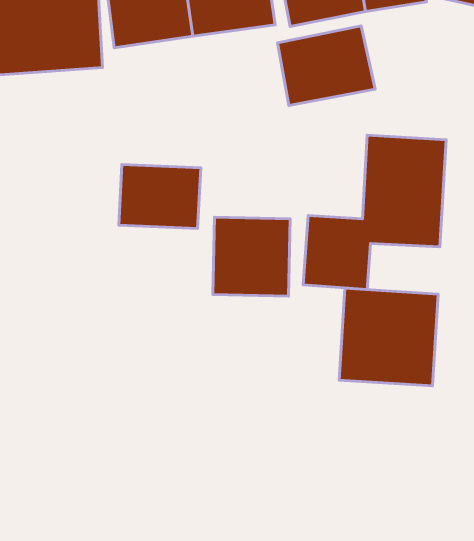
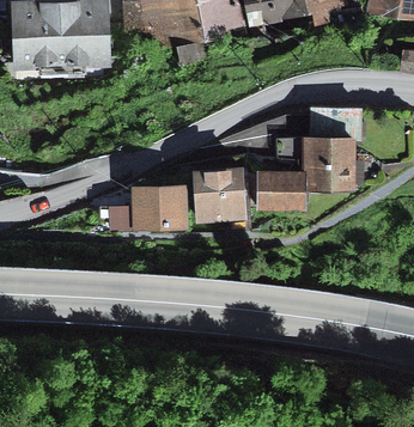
building: [278,26,375,106] -> none
building: [119,164,201,229] -> [127,188,187,234]
building: [339,288,438,386] -> none

